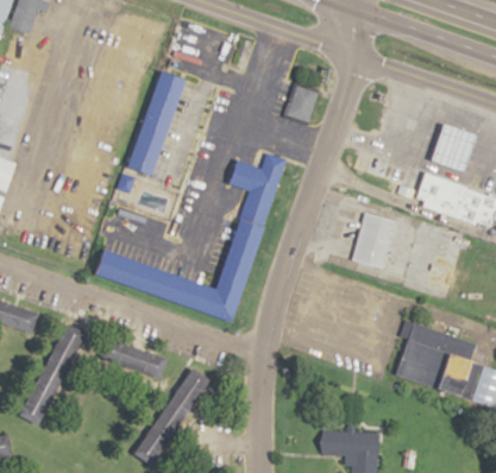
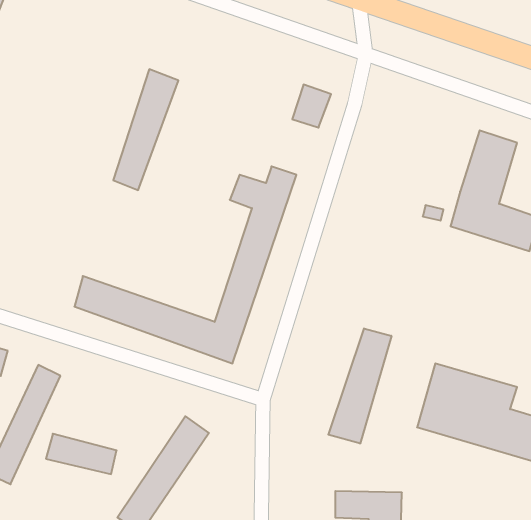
building: [350,213,393,269] -> none
building: none -> [328,328,391,444]
building: [107,342,168,377] -> [46,434,117,474]

